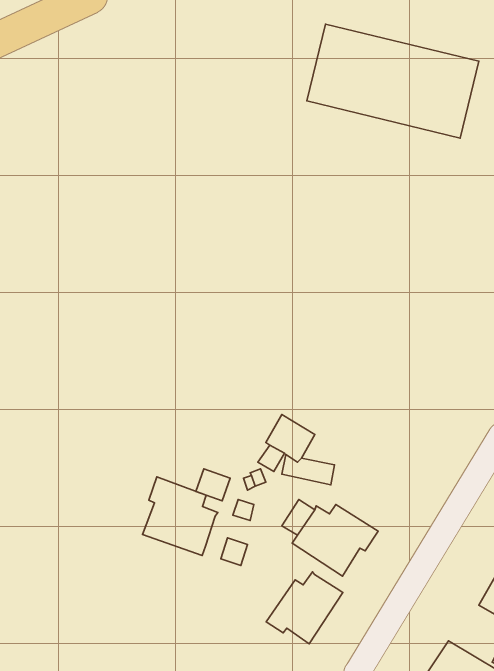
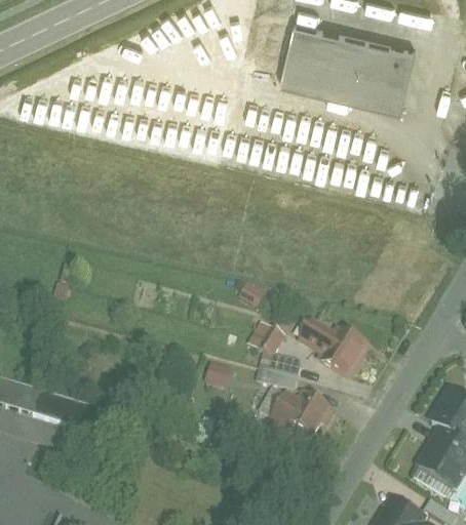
building: none -> [300,321,371,380]
building: [142,477,218,555] -> none
building: [266,572,343,644] -> none

